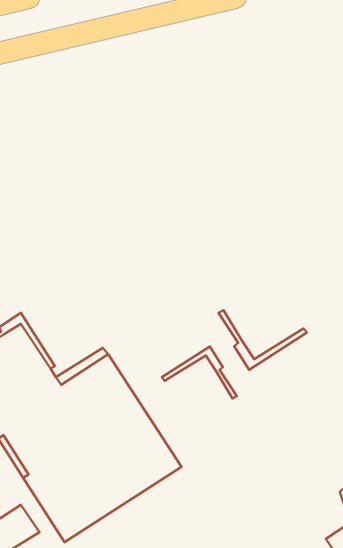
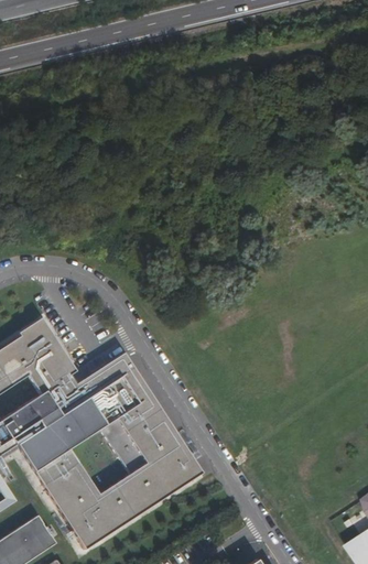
building: [218,310,307,370] -> none
building: [162,346,237,399] -> none

